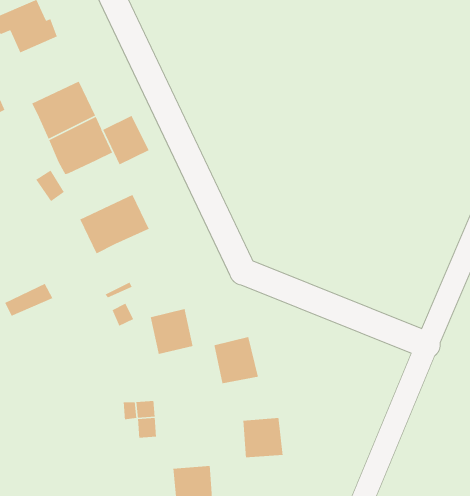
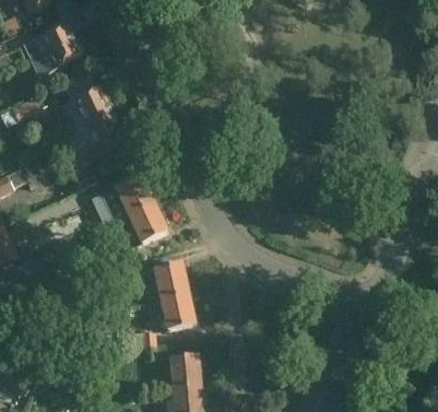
building: [102,115,150,166] -> none
building: none -> [129,203,167,243]
building: [213,336,259,384] -> [161,293,196,330]
building: [242,417,283,458] -> [169,355,201,387]

